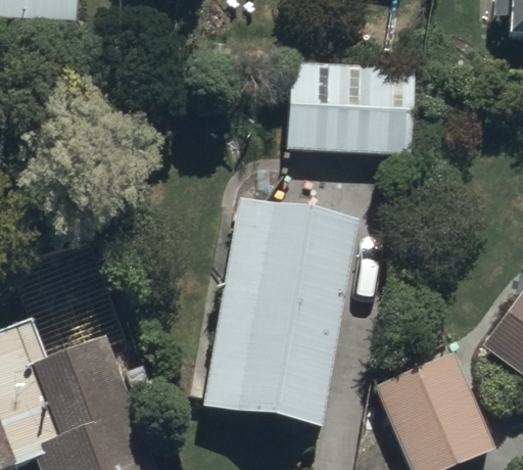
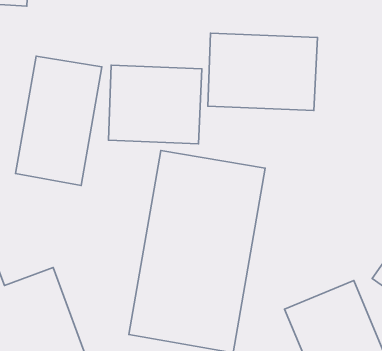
building: none -> [16,56,102,185]
building: none -> [108,65,202,144]

